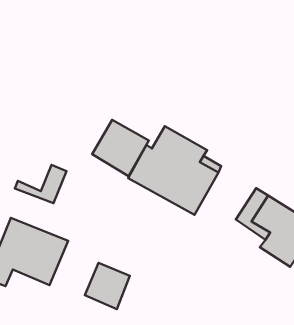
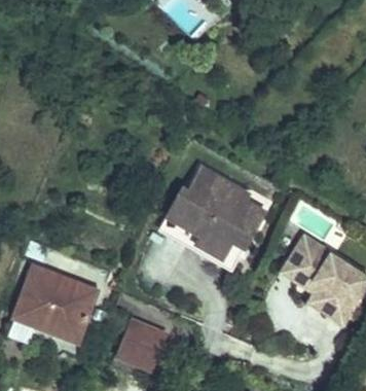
building: [92,120,149,176] -> none
building: [15,165,67,203] -> none

